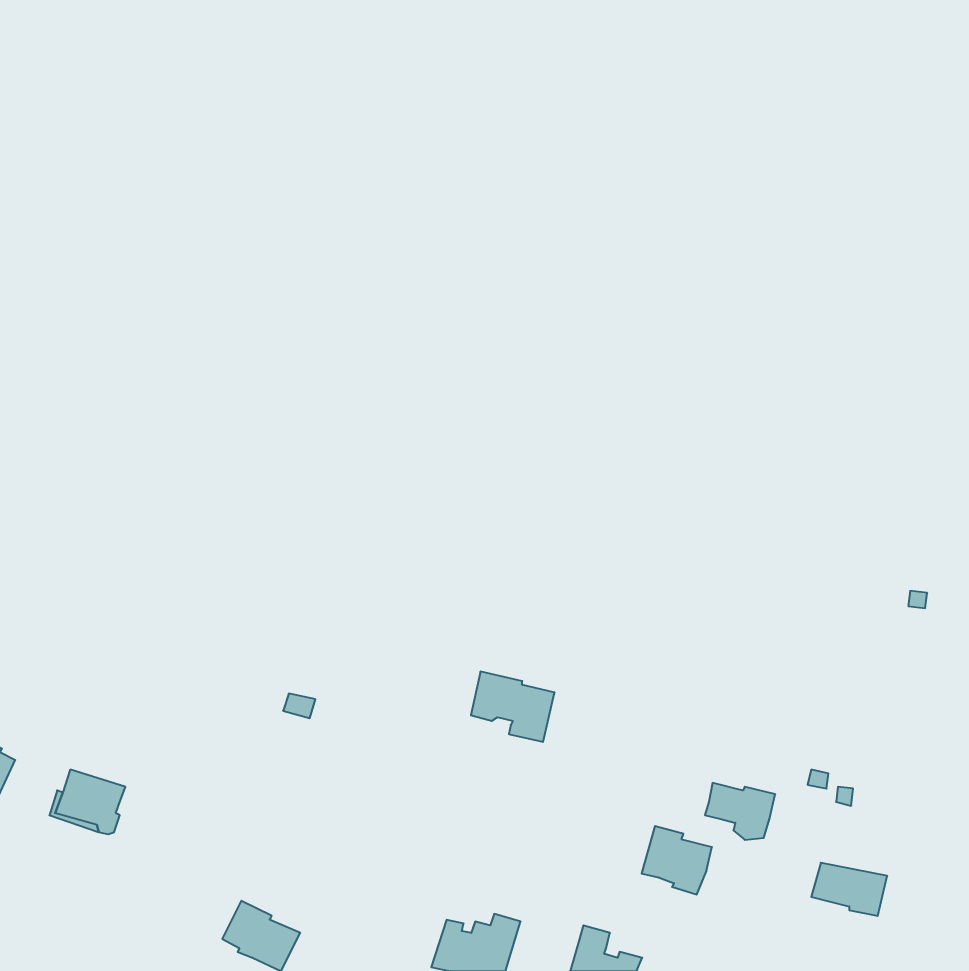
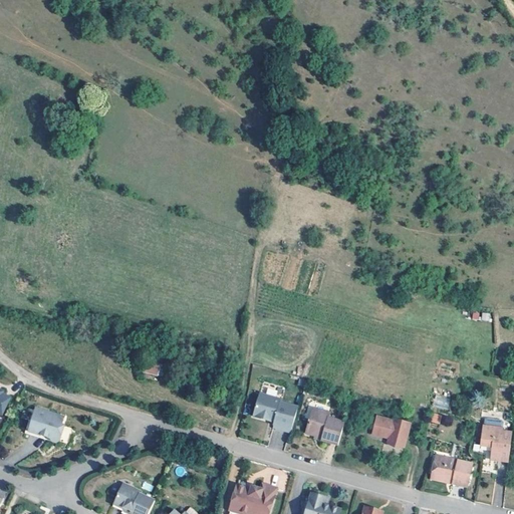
building: [471,672,555,742] -> [253,395,297,432]
building: none -> [477,424,508,461]
building: [642,826,712,895] -> [306,409,343,445]

